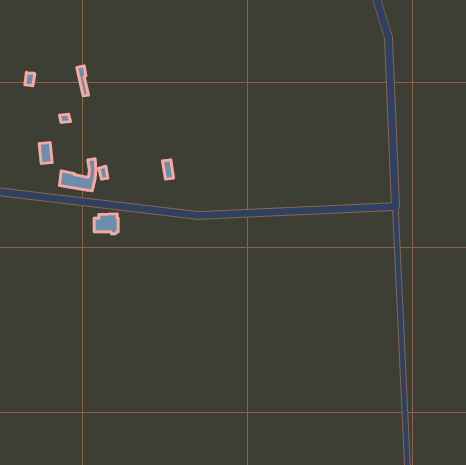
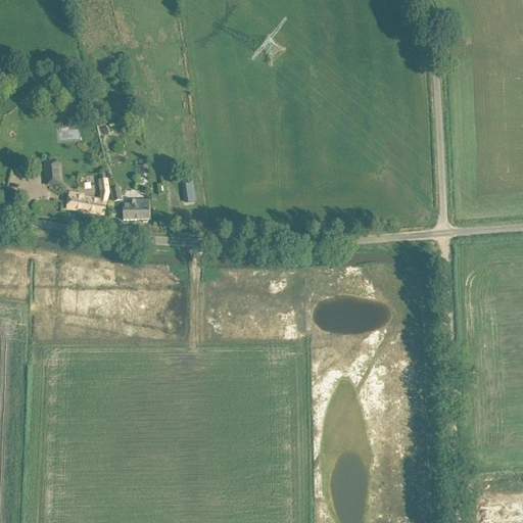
building: [94,214,118,234] -> [123,198,149,221]

